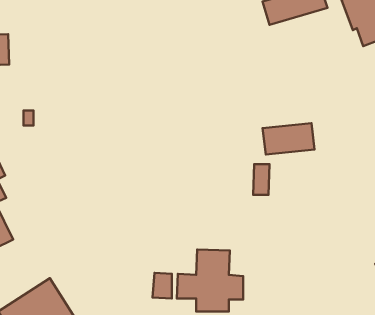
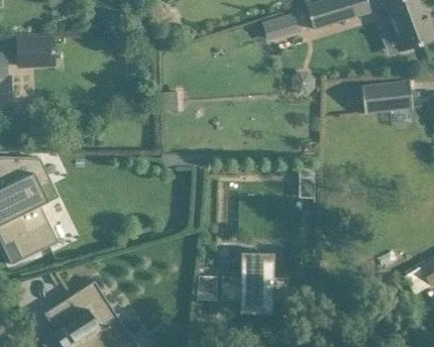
building: none -> [257,12,294,38]
building: [263,123,315,155] -> [360,82,412,113]

